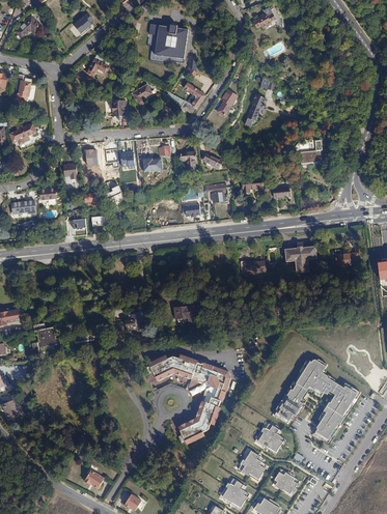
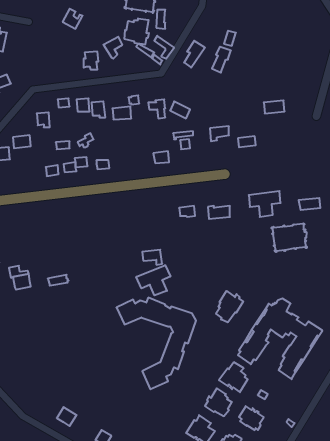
building: none -> [125,18,149,45]
building: none -> [271,223,307,252]
building: none -> [136,265,170,295]
building: none -> [216,291,243,322]

